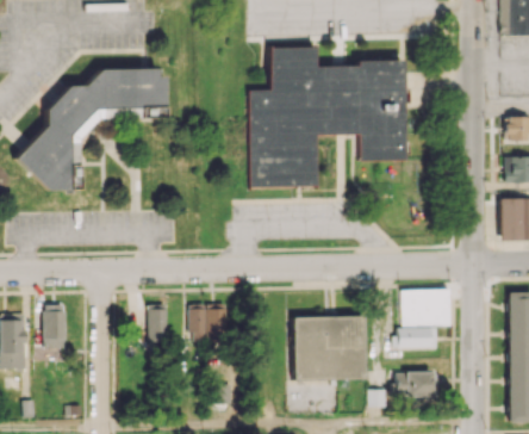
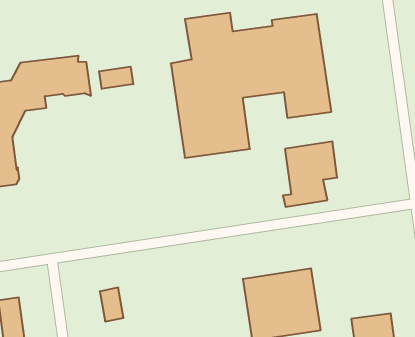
building: none -> [99,67,133,89]
building: [393,289,450,348] -> [283,141,337,207]
building: [189,303,228,339] -> none

